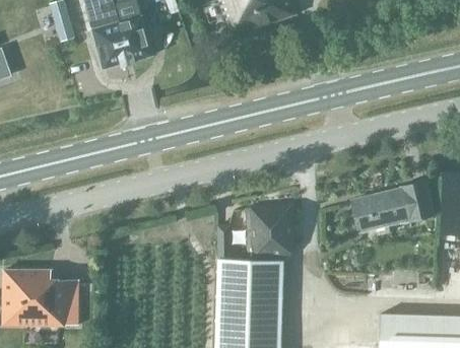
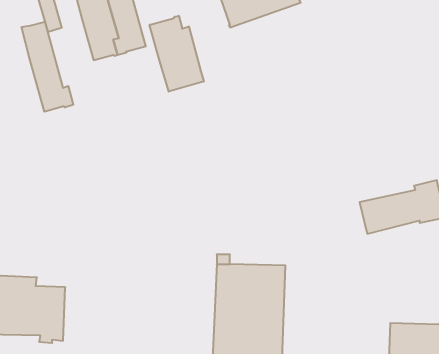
building: none -> [150,16,204,92]
building: none -> [22,22,73,112]
building: [246,206,292,256] -> none

